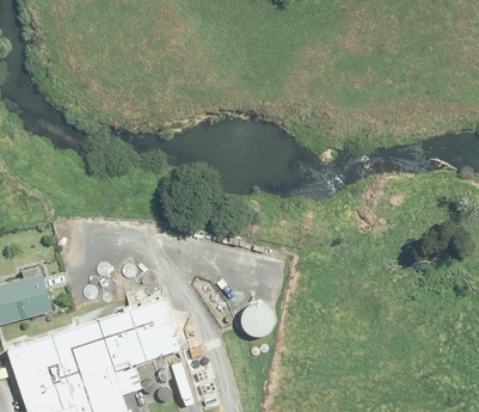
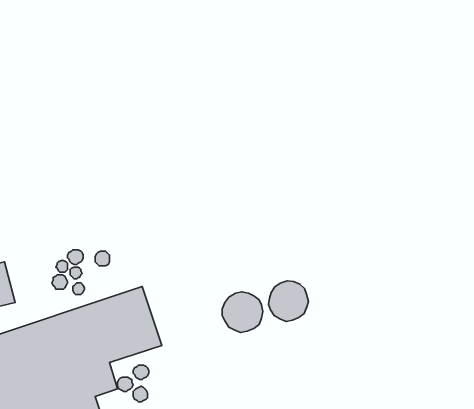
building: none -> [269,281,308,321]

